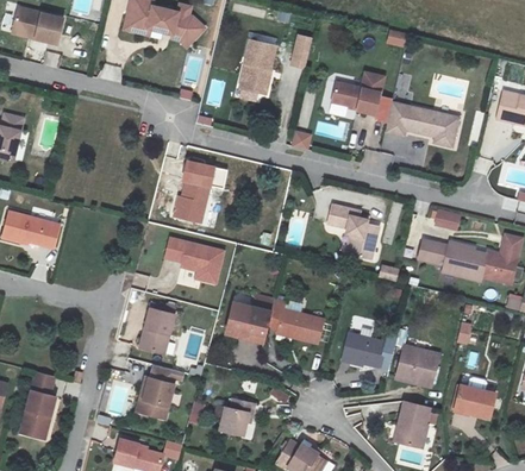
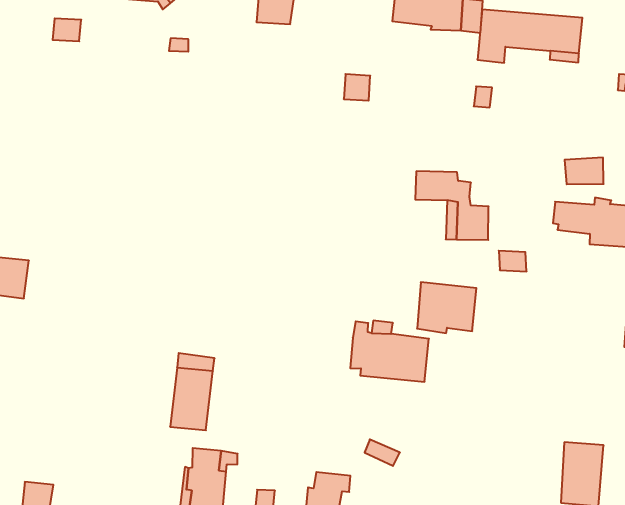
building: [174,168,210,221] -> none
building: [165,239,224,283] -> none
building: [230,300,273,341] -> none
building: [343,331,387,369] -> [417,282,476,333]
building: [387,341,439,382] -> none

